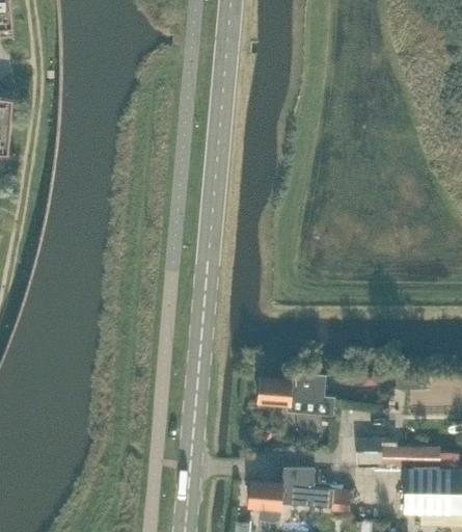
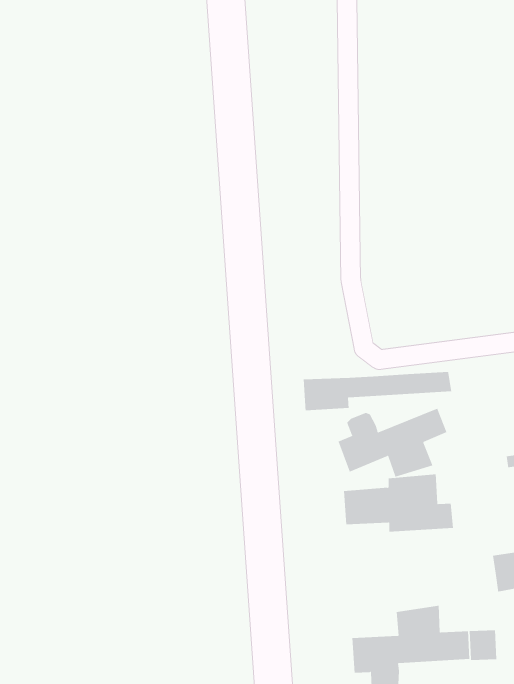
building: none -> [303,371,452,411]
building: none -> [338,408,447,478]

